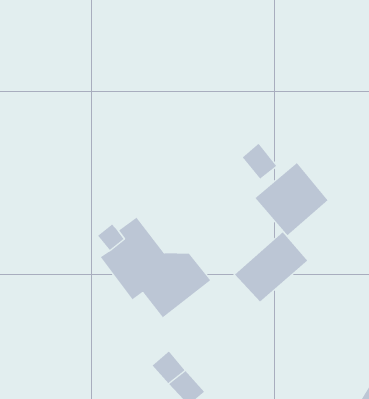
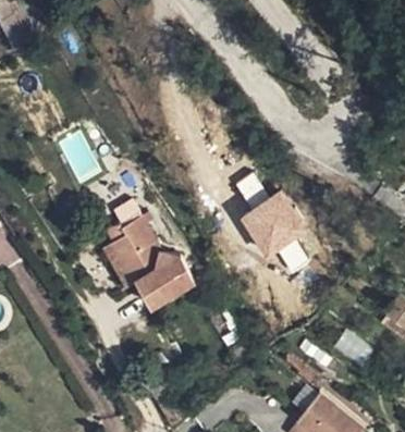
building: [234,232,308,303] -> none

